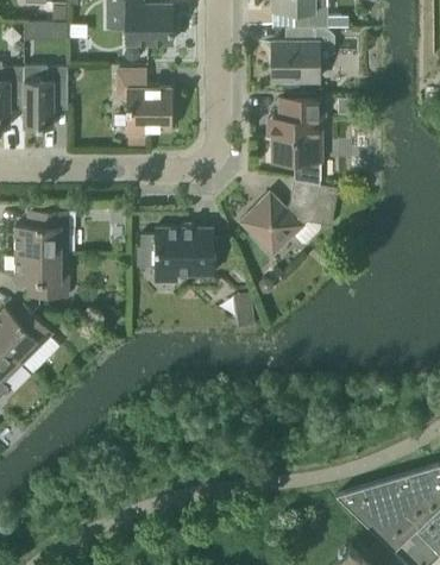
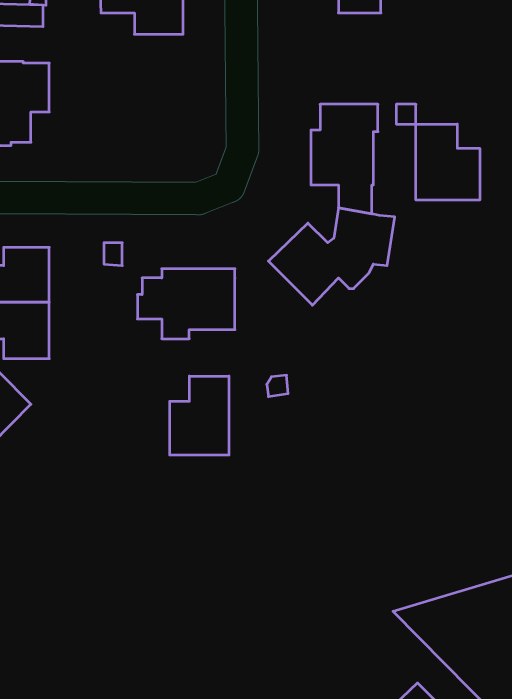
building: [272,27,319,80] -> none
building: [118,70,172,134] -> none
building: none -> [416,124,480,200]
building: none -> [170,376,229,455]

